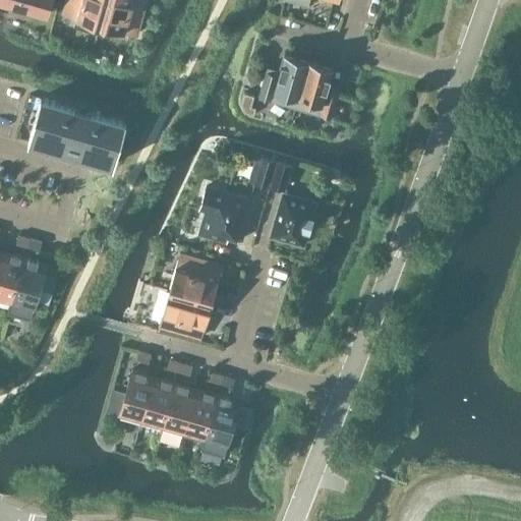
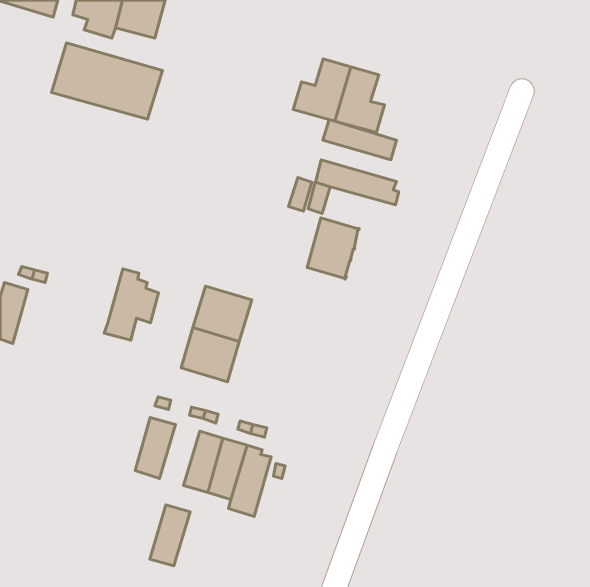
building: [28,100,126,167] -> [52,43,162,119]
building: none -> [323,120,397,160]
building: none -> [316,160,399,205]
building: [199,188,253,243] -> none
building: [8,257,56,321] -> [104,269,159,340]
building: [140,377,176,430] -> [150,505,190,566]

